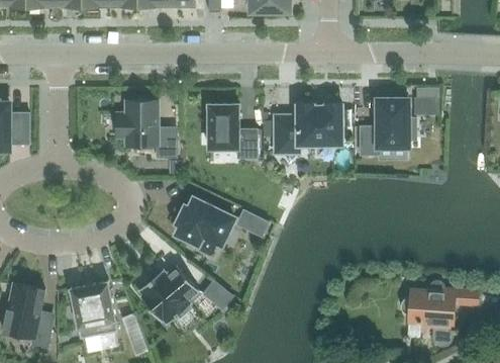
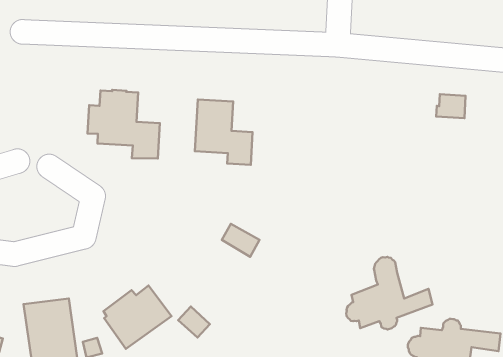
building: [360,95,416,155] -> none
building: [275,104,342,153] -> none
building: [177,198,234,255] -> none
building: none -> [346,257,433,330]

